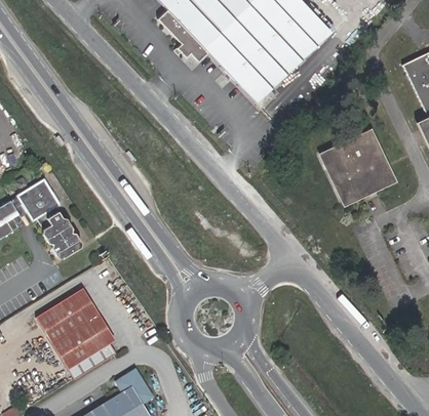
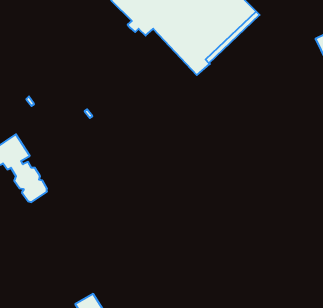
building: [323,133,393,202] -> none
building: [37,288,117,377] -> none

